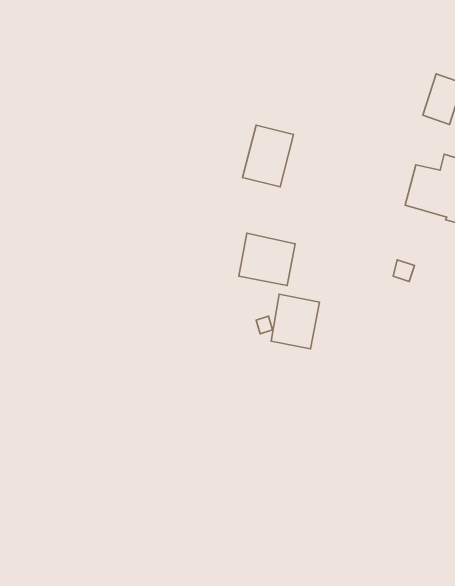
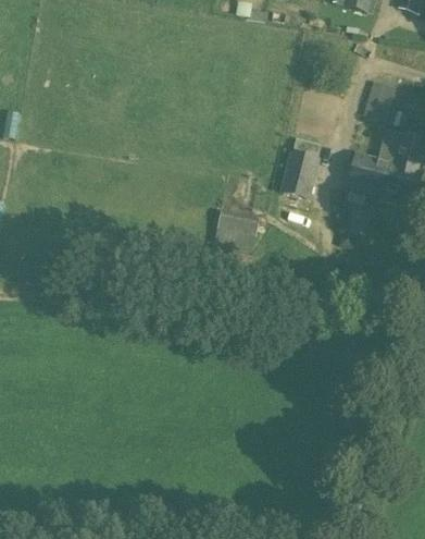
building: [243,125,294,187] -> [279,147,321,197]
building: [271,294,320,349] -> none

